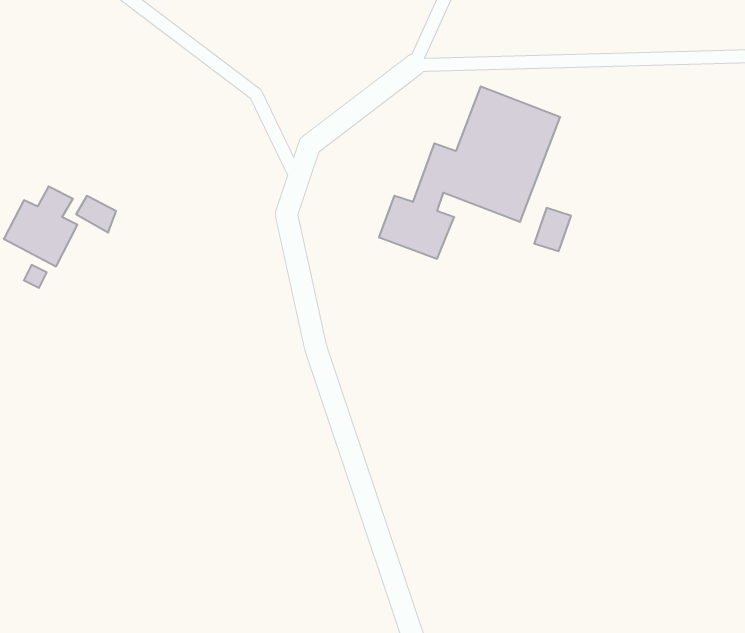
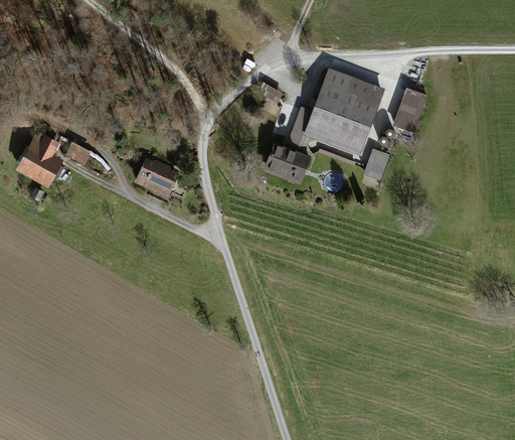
building: none -> [395,91,427,130]
building: none -> [138,155,181,199]

